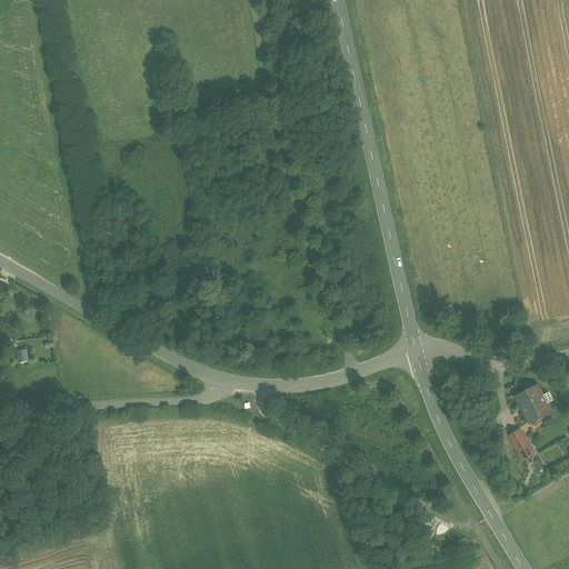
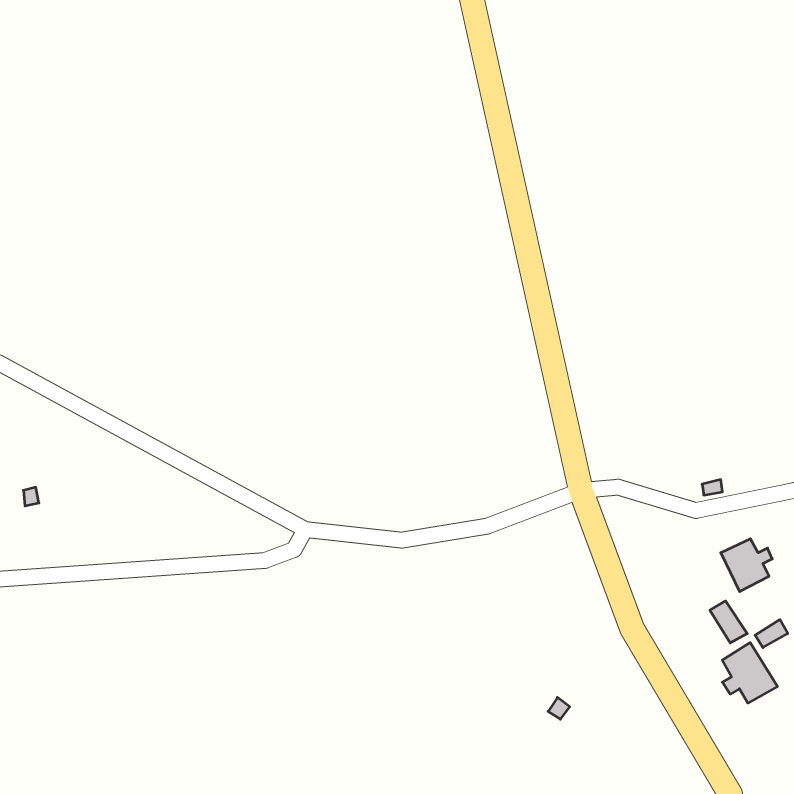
building: none -> [722,643,777,703]

